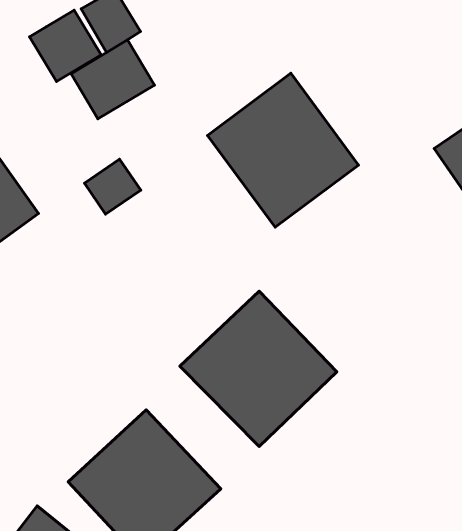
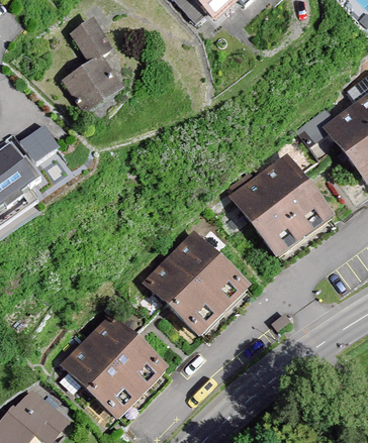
building: [30,10,101,82] -> none
building: [207,73,359,227] -> [228,154,337,264]
building: [84,159,141,214] -> [18,119,59,158]

